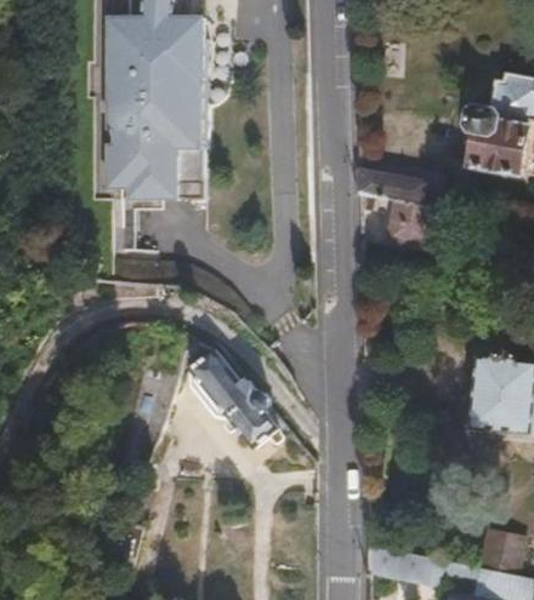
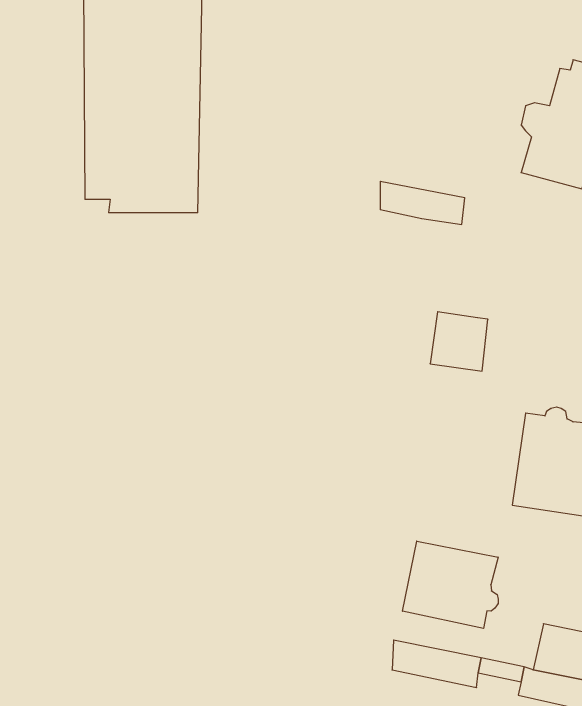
building: [380,199,427,247] -> [430,312,488,371]
building: [188,349,273,446] -> none
building: none -> [403,541,498,628]

